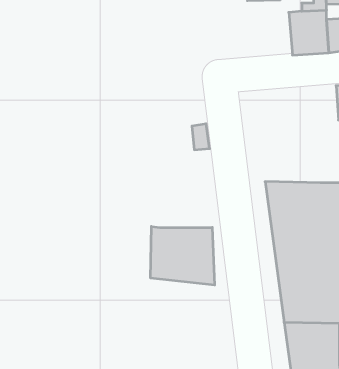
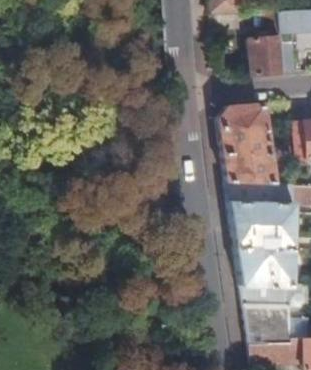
building: none -> [218,106,274,185]
building: [151,226,215,285] -> none

